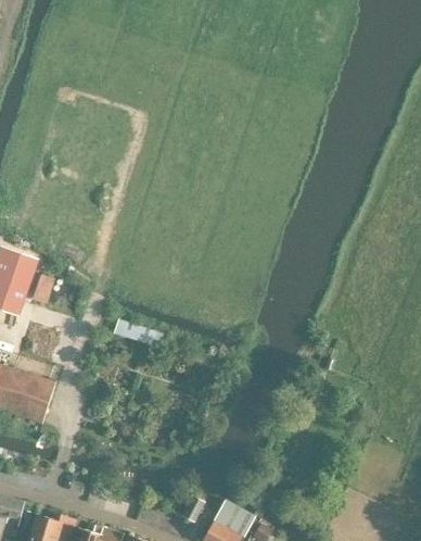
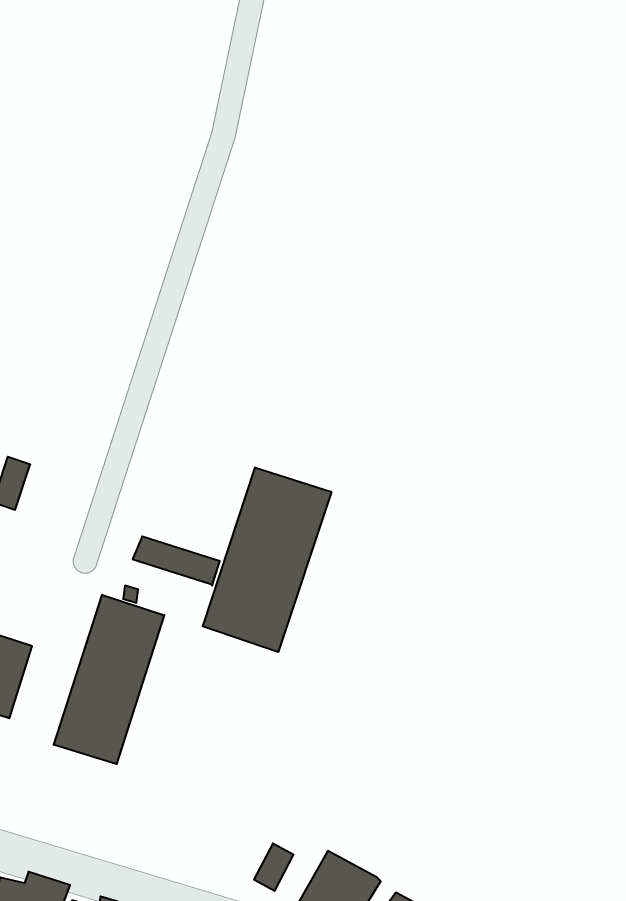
building: none -> [203,467,331,652]
building: none -> [54,595,164,764]

